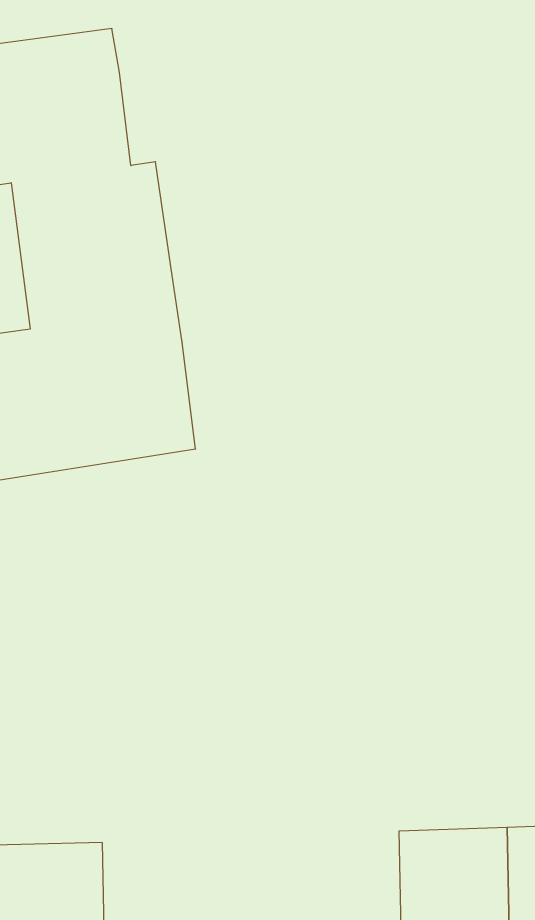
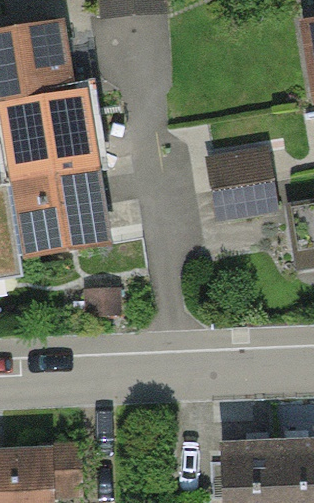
building: none -> [206,145,276,220]

